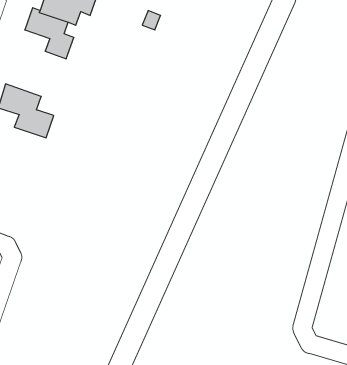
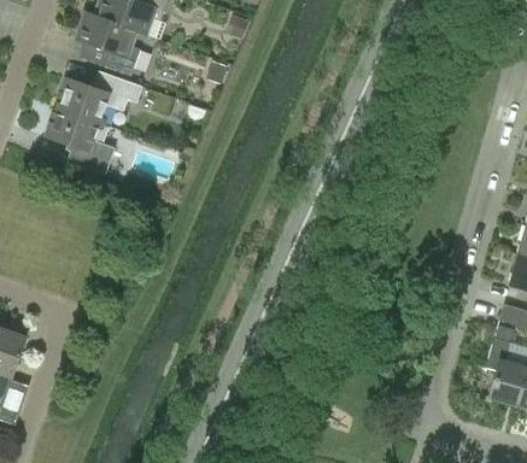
building: none -> [54,71,142,123]

